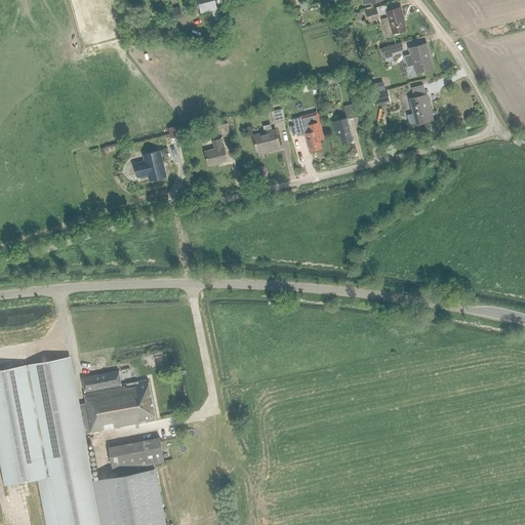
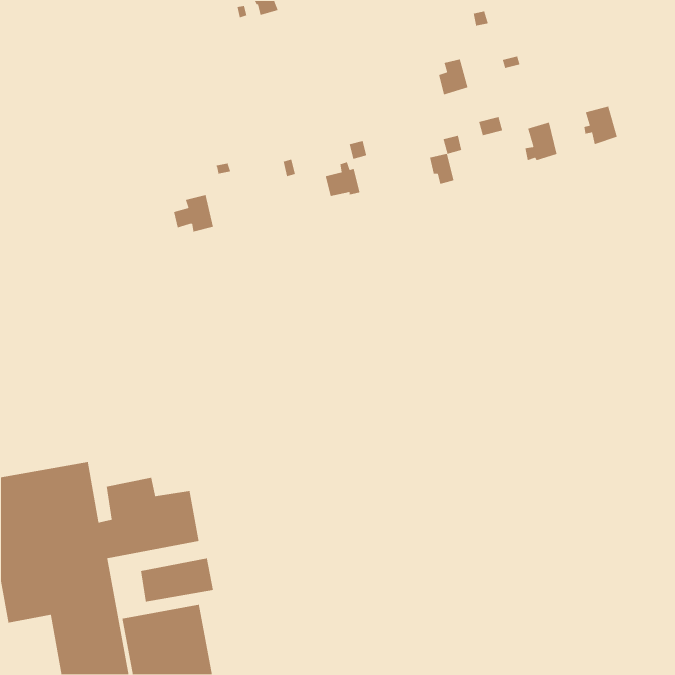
building: [382,7,406,36] -> [438,59,469,96]
building: [407,43,434,74] -> [584,105,618,145]
building: [290,111,323,153] -> none
building: [204,138,228,166] -> none

